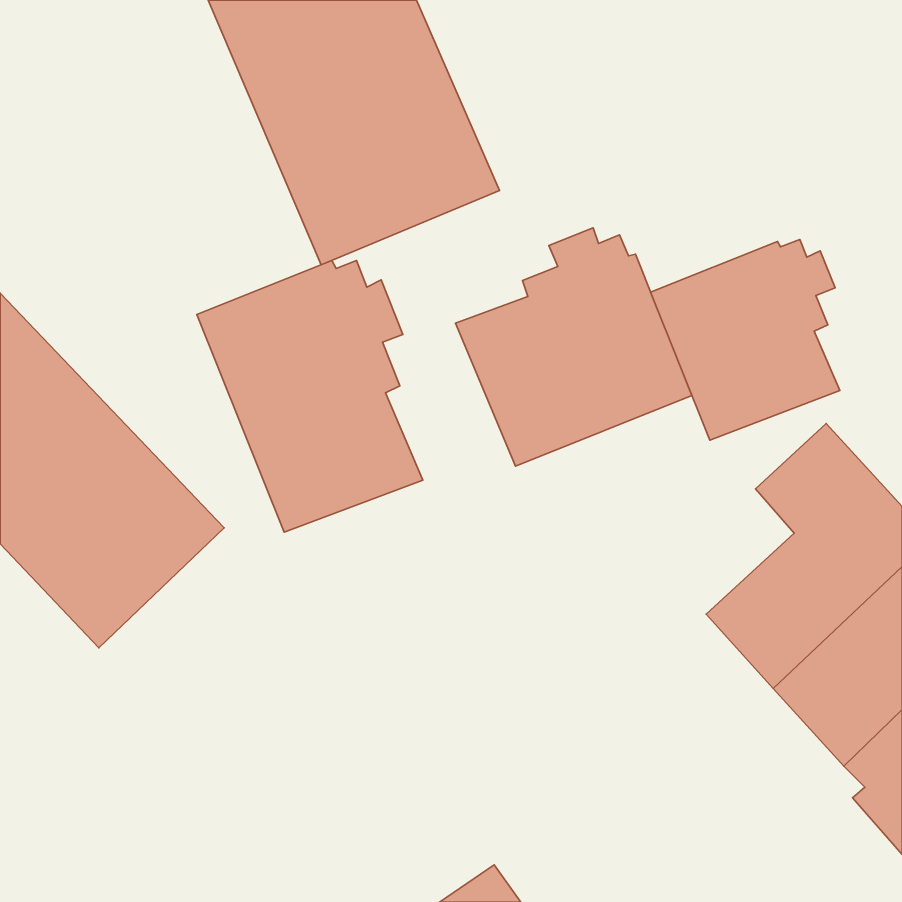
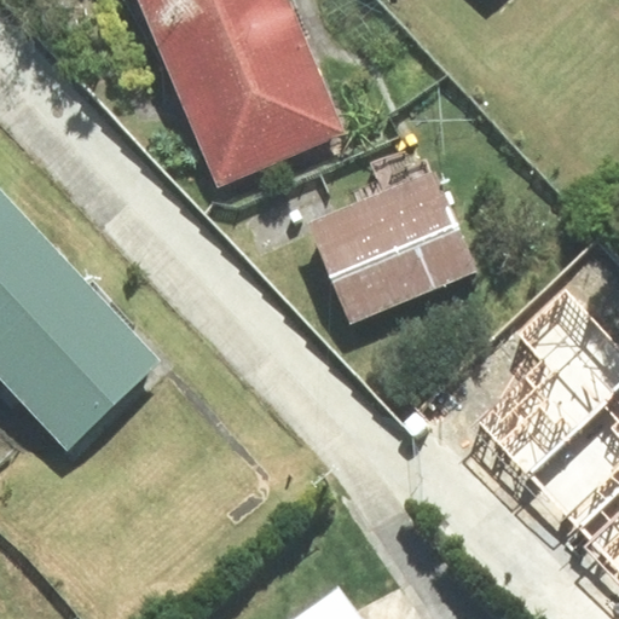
building: [651,239,840,440] -> none
building: [197,261,423,532] -> none

